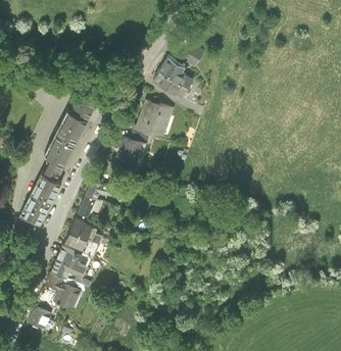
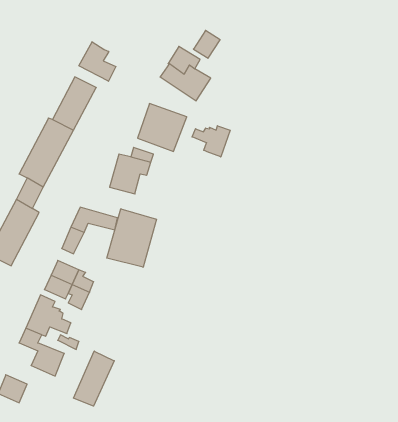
building: none -> [79,42,116,81]
building: none -> [192,126,230,157]
building: none -> [107,209,156,267]
building: none -> [73,351,114,406]

